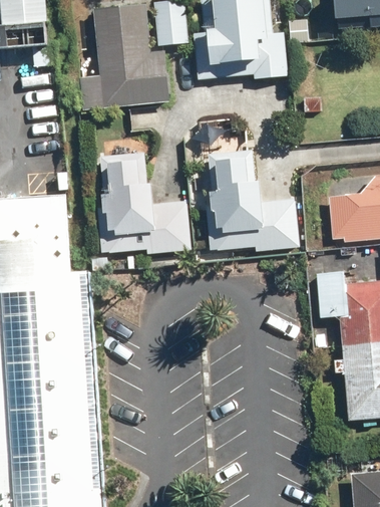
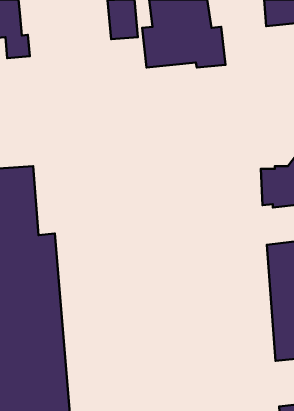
building: [78,5,170,110] -> none
building: [96,151,192,255] -> none
building: [205,151,300,252] -> none

